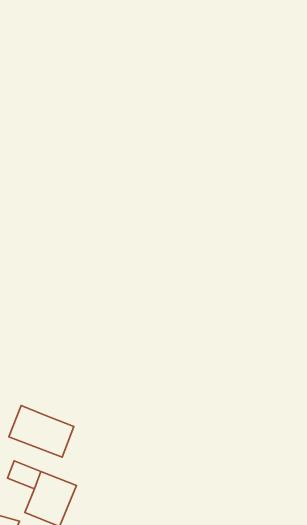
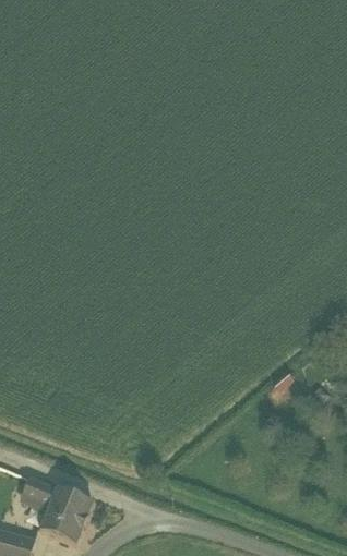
building: [9,406,74,457] -> none

